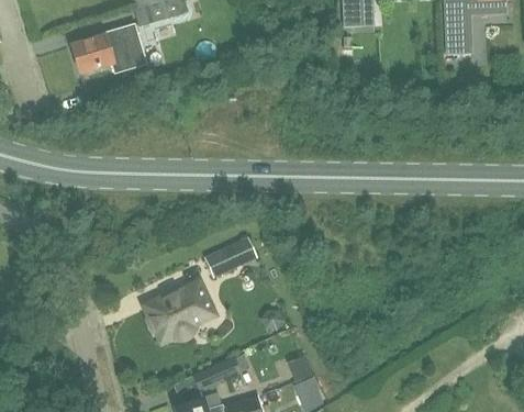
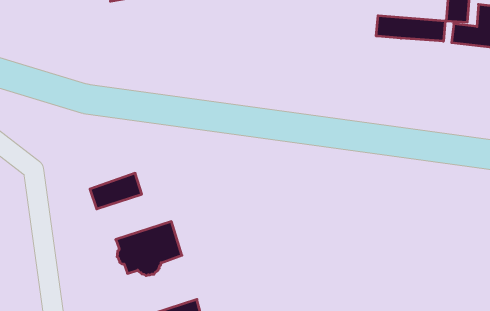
building: none -> [376,16,445,41]
building: [204,237,256,277] -> [90,173,142,209]

